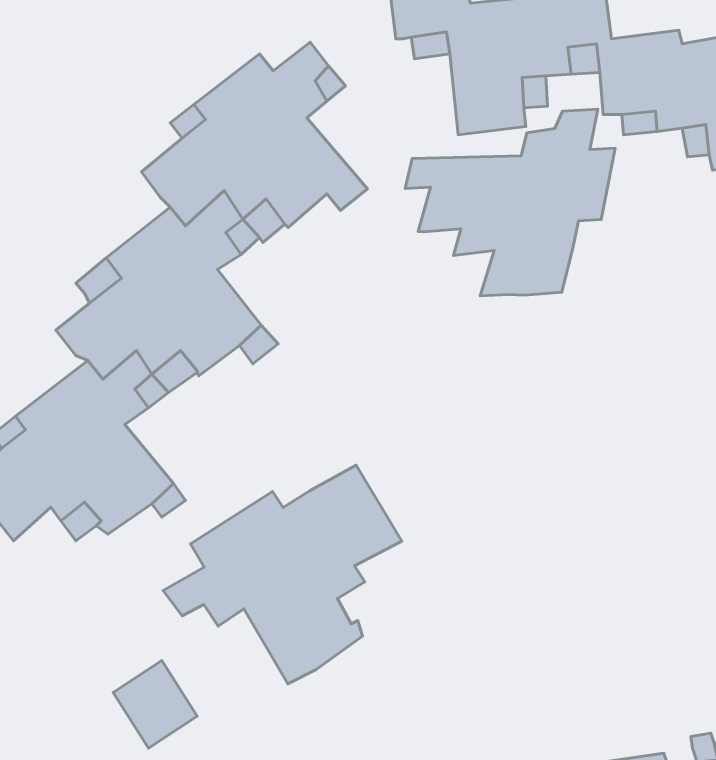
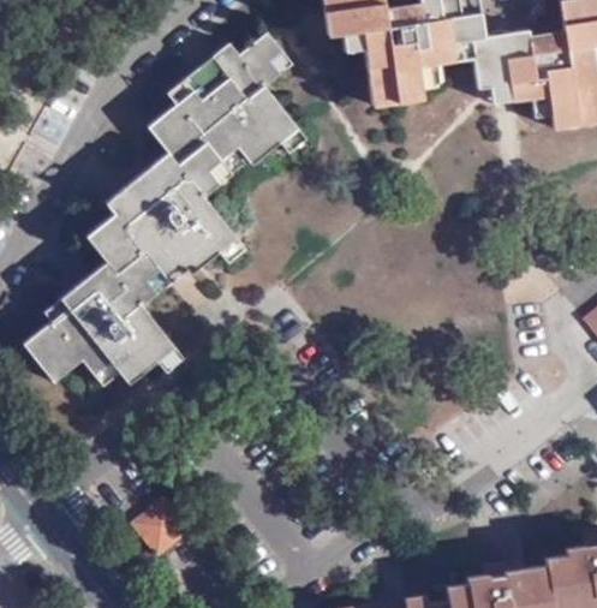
building: [405,109,615,296] -> none
building: [163,465,402,684] -> none

